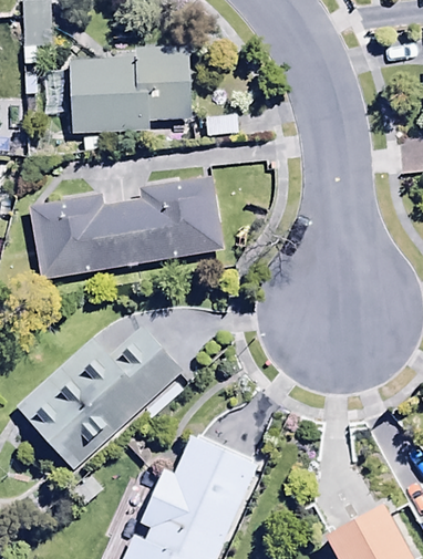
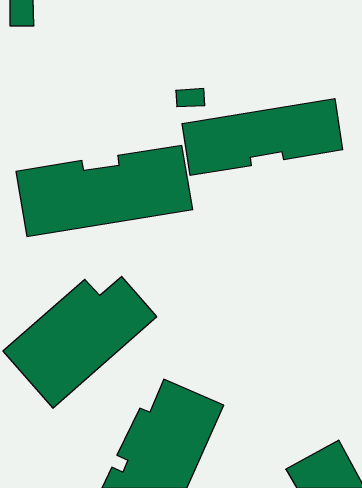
building: [71,48,194,133] -> none
building: none -> [182,99,343,175]

